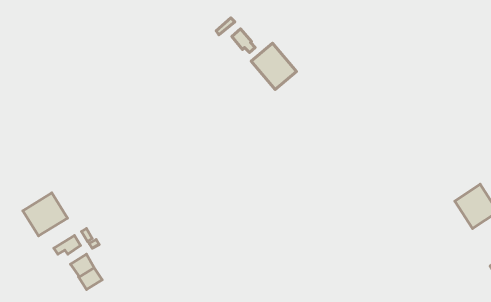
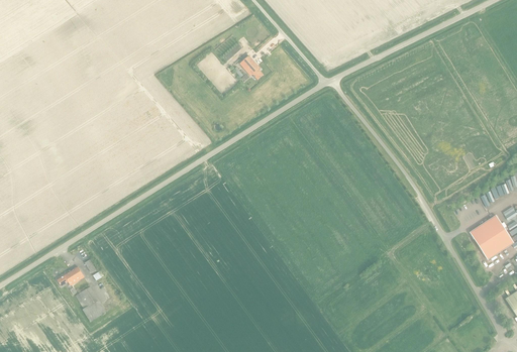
building: [251,43,297,90] -> none
building: [23,193,67,236] -> none

